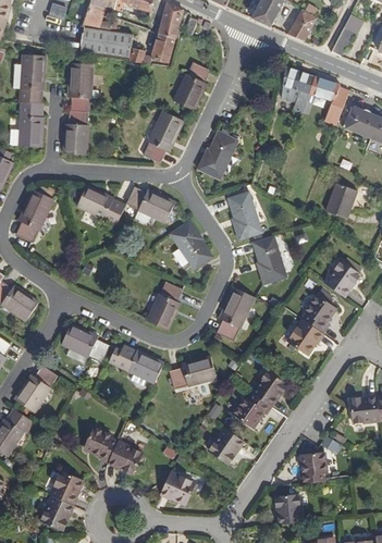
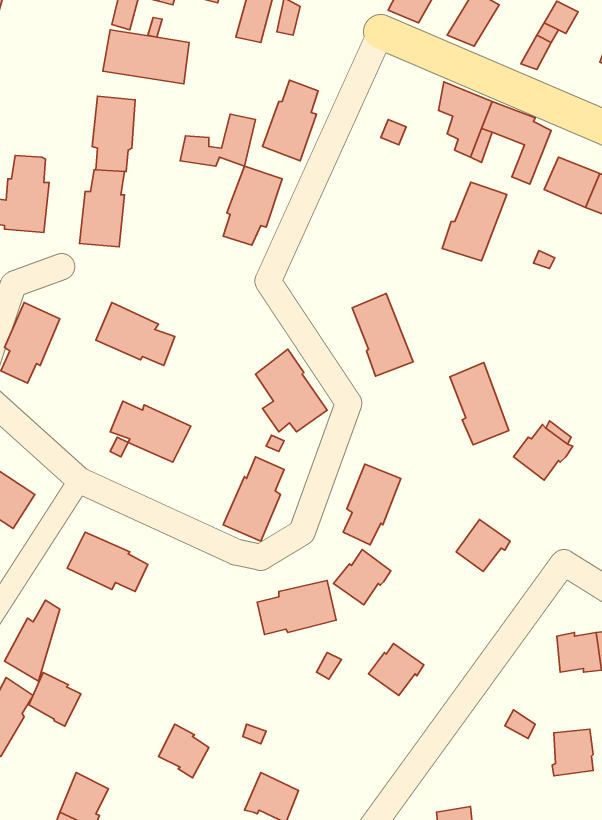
building: [126,28,172,60] -> [180,114,255,166]
building: [21,57,48,101] -> none
building: [199,132,238,180] -> [442,182,507,261]
building: [325,178,357,214] -> none
building: [121,190,170,227] -> [110,401,191,462]
building: [251,230,287,280] -> [450,362,509,445]
building: [305,299,334,334] -> none
building: [103,349,158,387] -> none
building: [252,375,287,409] -> [333,549,391,605]
building: [88,432,120,465] -> [29,672,81,726]
building: [213,434,245,470] -> none
building: [300,456,325,484] -> [552,729,593,776]

